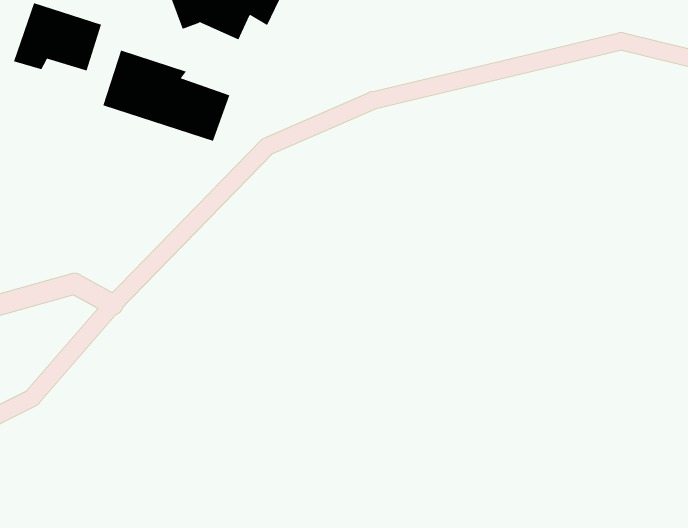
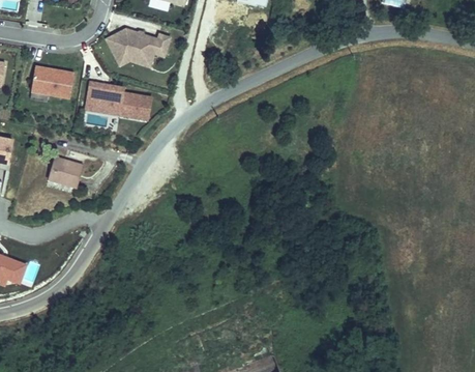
building: none -> [47,158,83,191]

